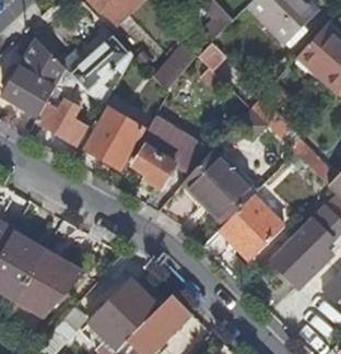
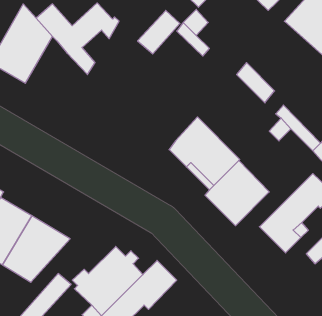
building: [36,70,87,144] -> none
building: [85,108,143,169] -> none
building: [134,117,212,188] -> none

